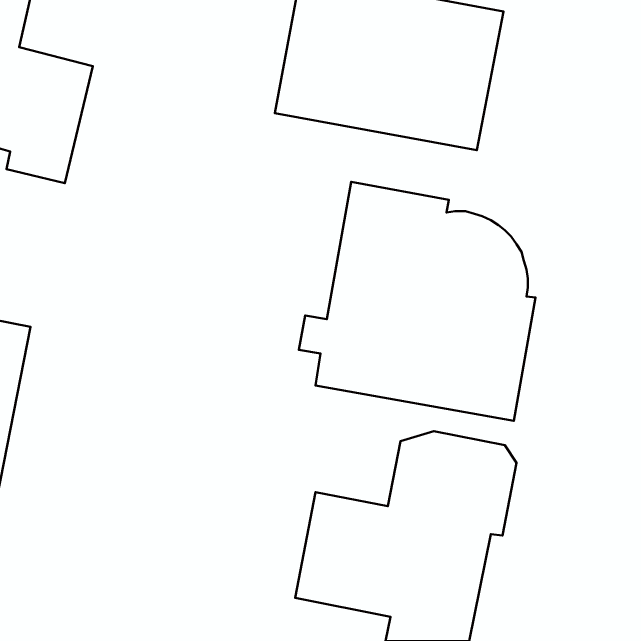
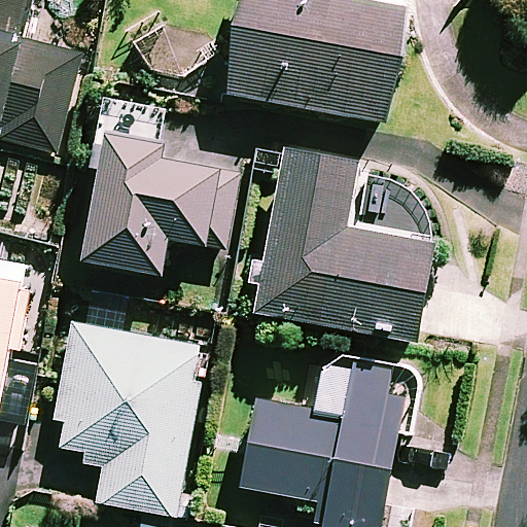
building: none -> [82,136,218,275]
building: none -> [48,320,198,514]

